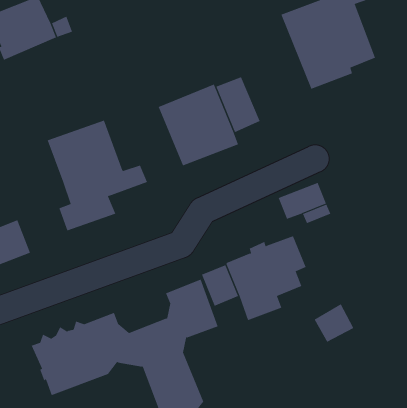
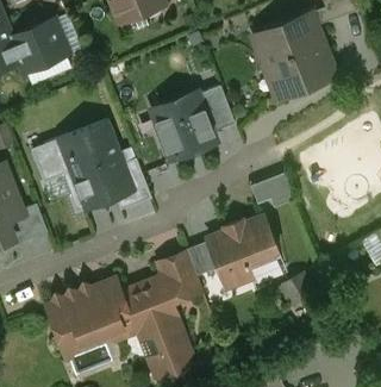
building: none -> [31,138,73,183]
building: none -> [111,173,152,211]

